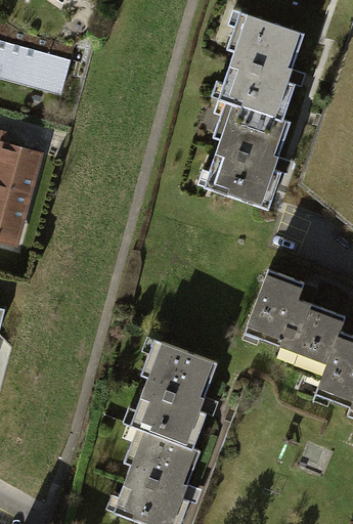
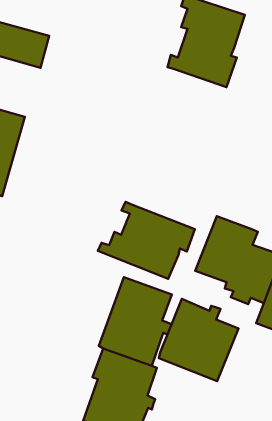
building: [197,97,290,210] -> none
building: none -> [98,202,195,279]
building: none -> [159,299,238,381]

